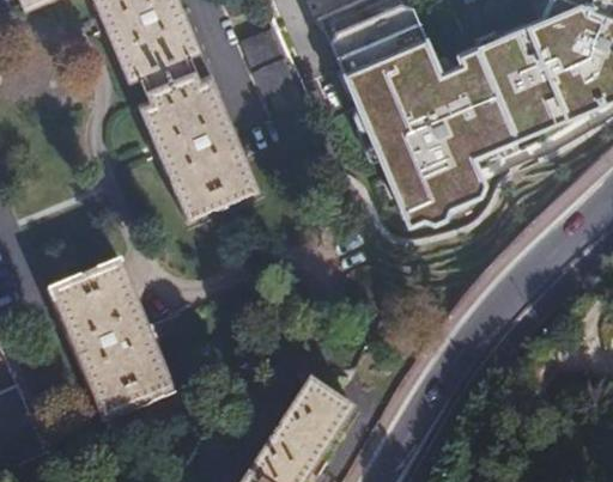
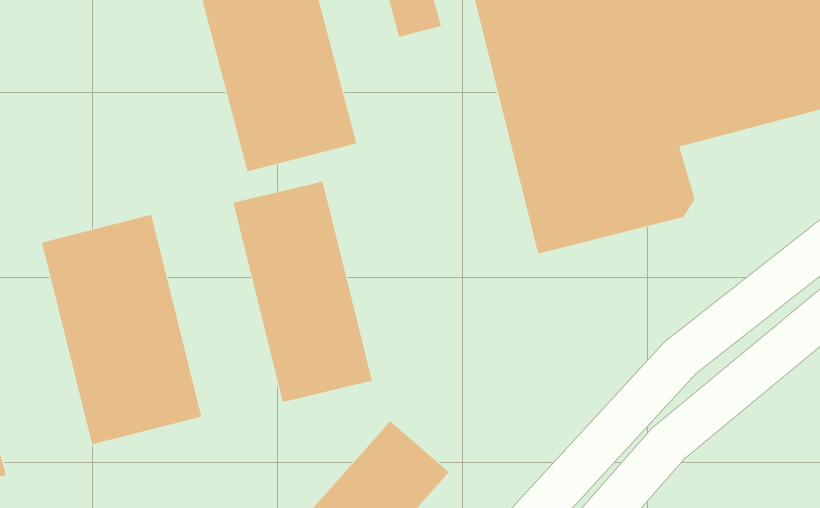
building: none -> [233,181,373,403]

